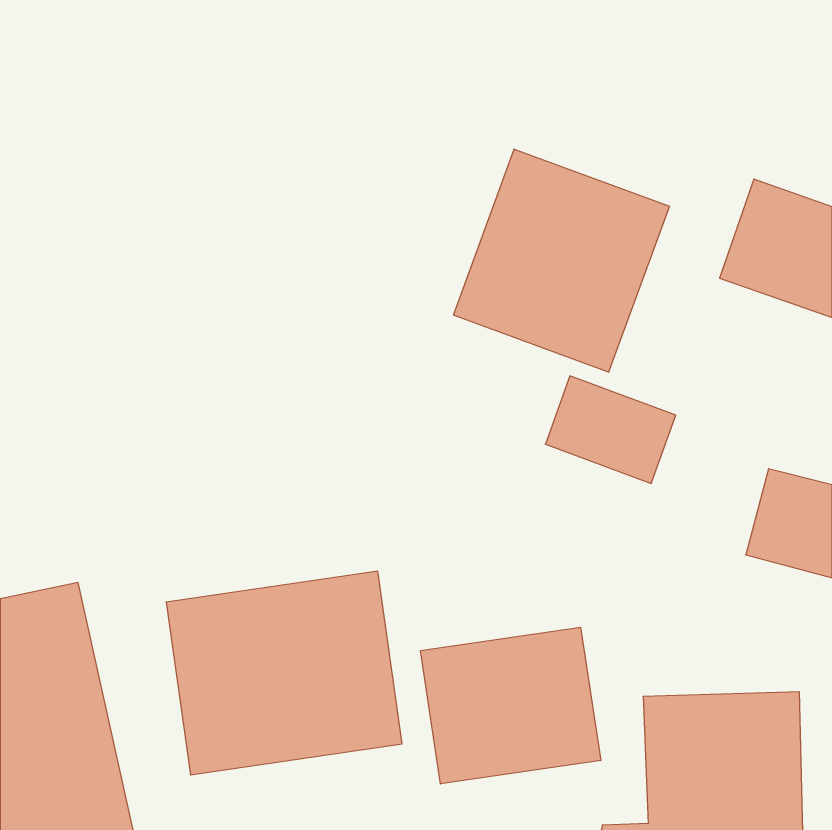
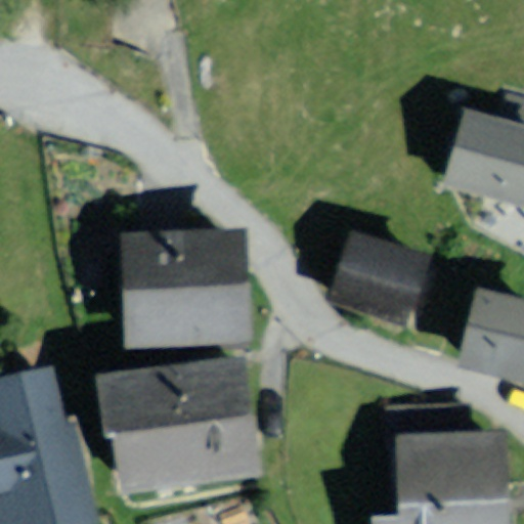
building: [454,149,669,372] -> none
building: none -> [123,245,232,333]
building: [421,627,601,784] -> none

